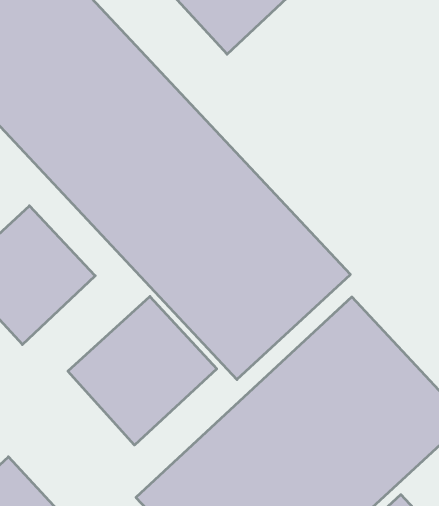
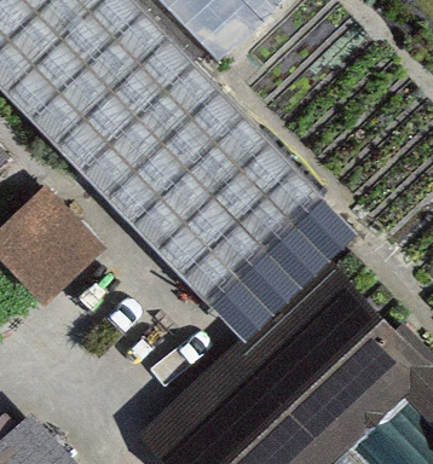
building: [68,296,217,445] -> none

